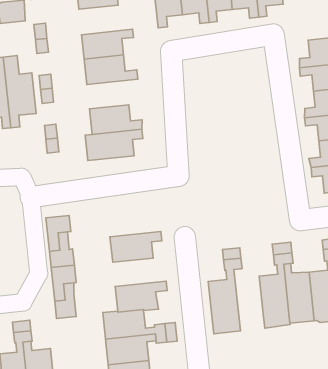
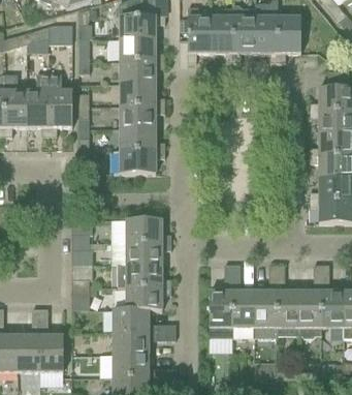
building: none -> [120,38,165,61]
building: none -> [120,105,165,127]
building: none -> [126,218,171,242]
building: none -> [117,265,171,286]
building: none -> [232,282,254,337]

